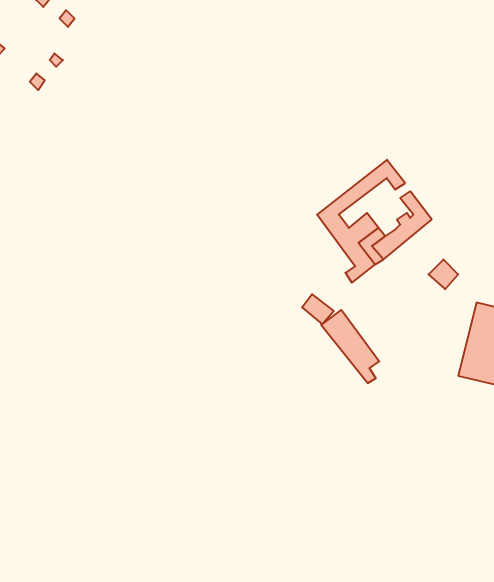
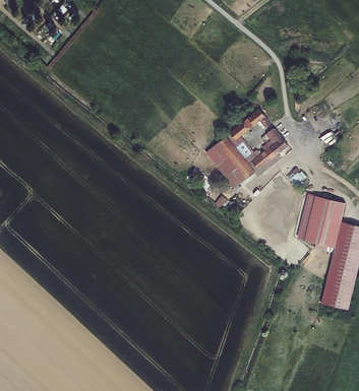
building: [321,310,379,383] -> [204,142,240,187]

